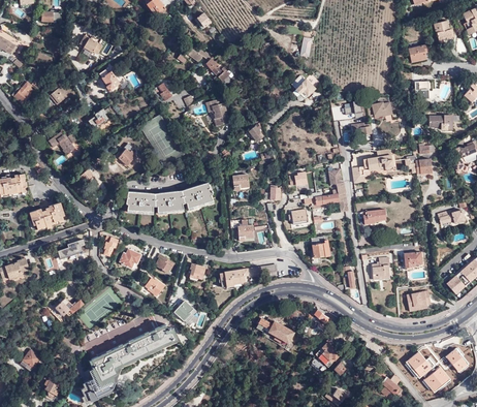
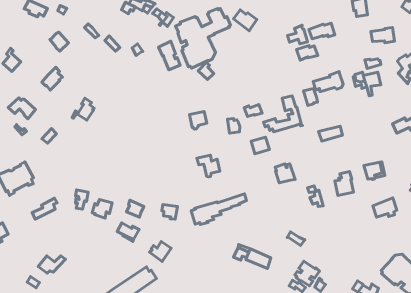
building: none -> [176,8,230,68]
building: [125,182,214,213] -> none

